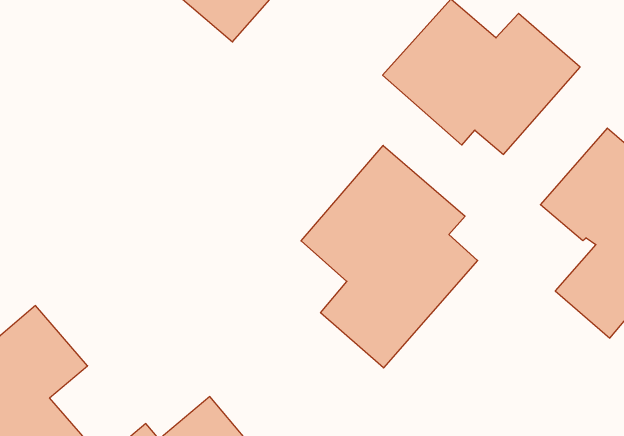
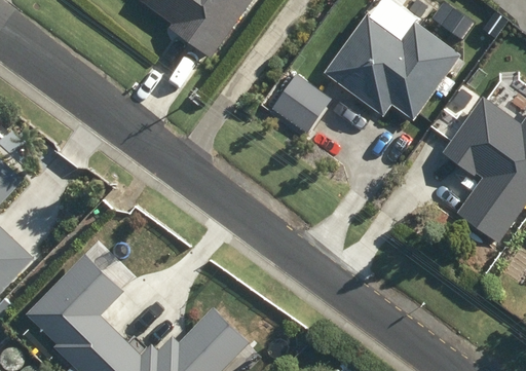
building: none -> [269,74,330,134]
building: [301,145,478,368] -> none

